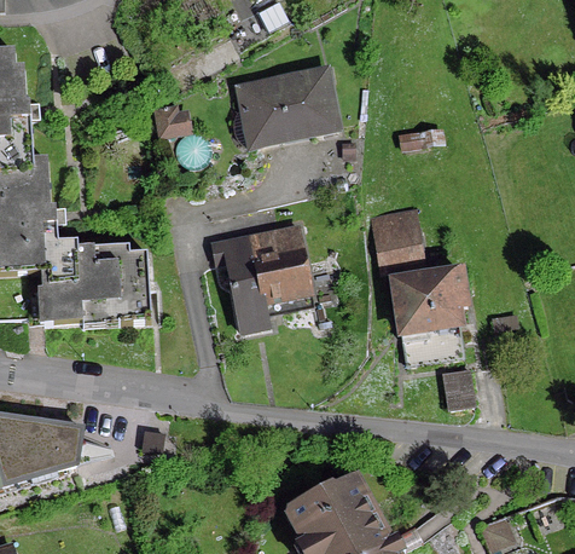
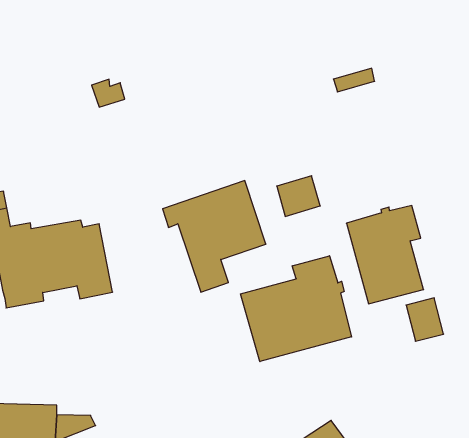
building: [231,69,336,146] -> none
building: [372,225,413,262] -> [277,176,320,216]
building: none -> [240,256,352,362]

